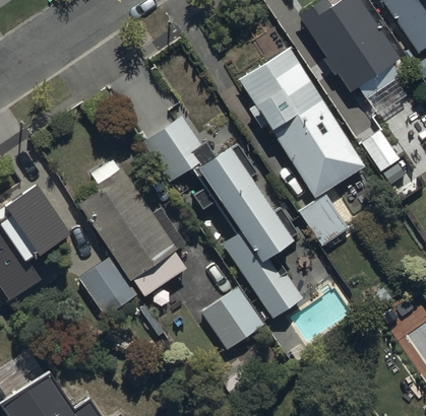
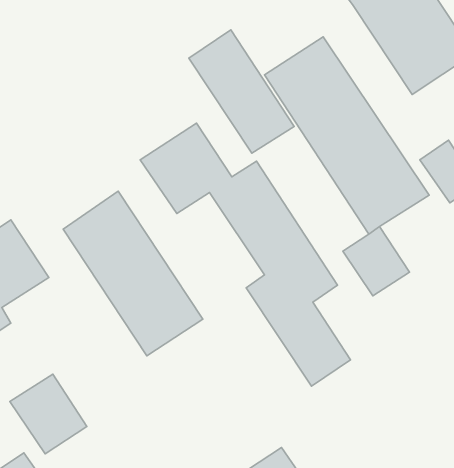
building: none -> [189,30,294,153]
building: [78,256,138,318] -> [10,374,87,454]
building: [201,288,263,350] -> none

